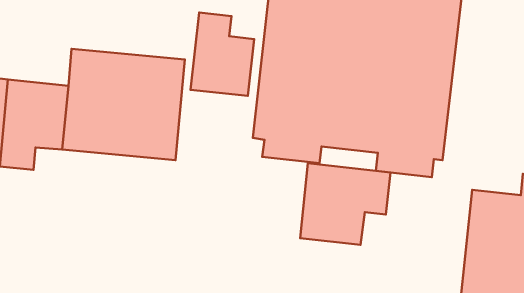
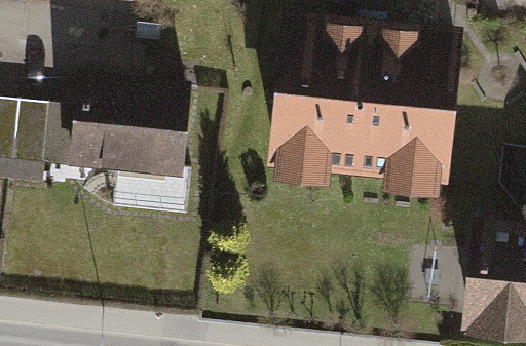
building: [191,13,254,96] -> none
building: [300,163,391,245] -> none

